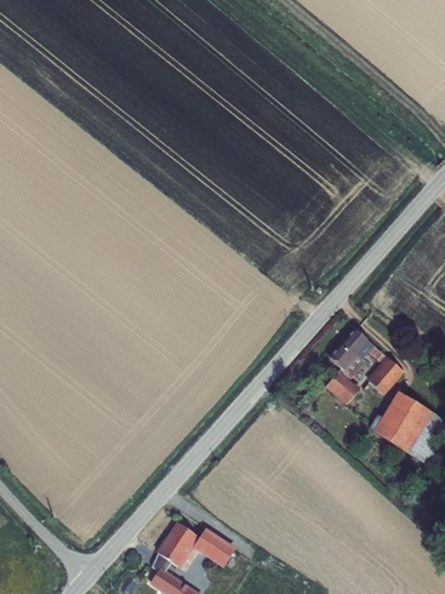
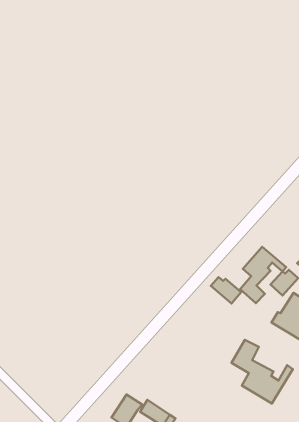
building: none -> [211,277,241,304]
building: none -> [231,340,293,403]

